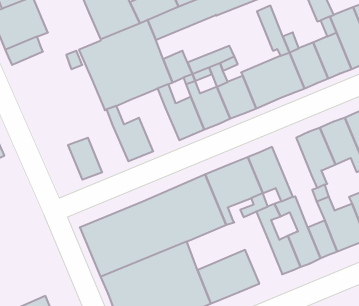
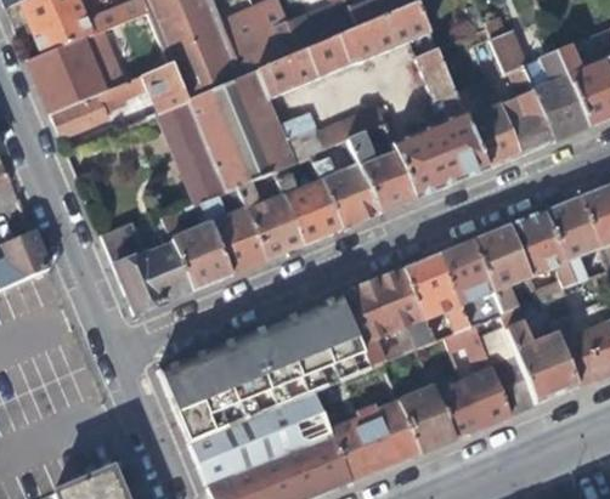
building: none -> [97,61,190,112]
building: none -> [235,177,304,259]
building: none -> [160,209,230,289]
building: none -> [106,229,163,312]
building: none -> [439,239,496,325]
building: none -> [400,386,453,450]

